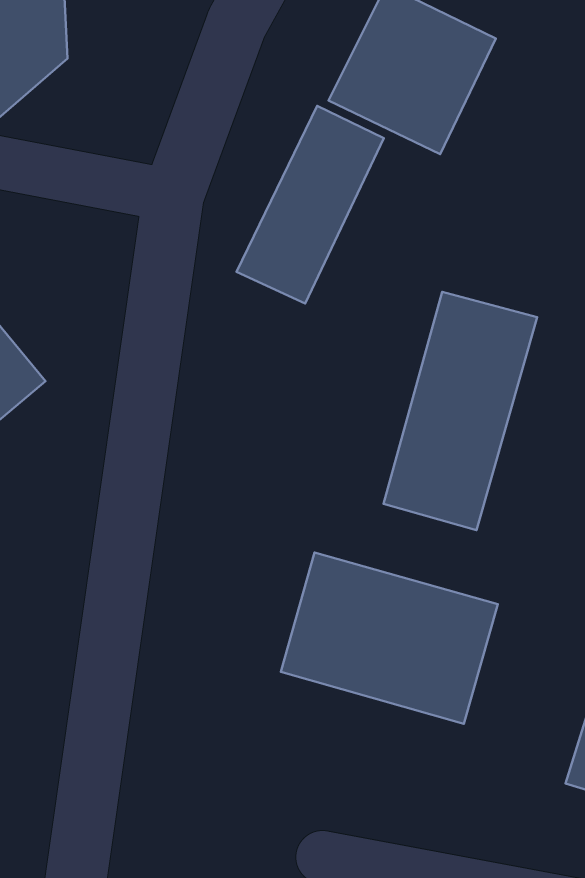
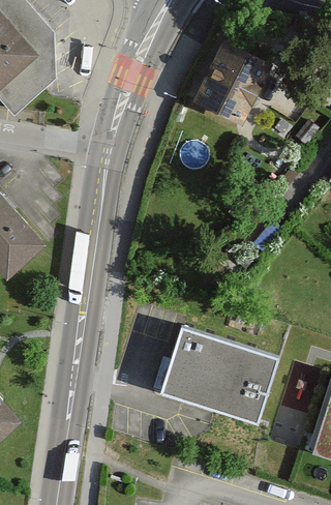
building: [237,106,384,304] -> none
building: [384,292,537,530] -> none

